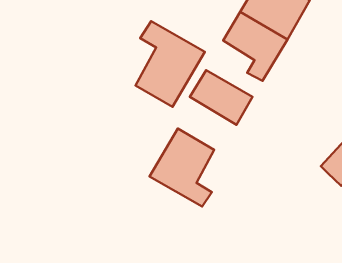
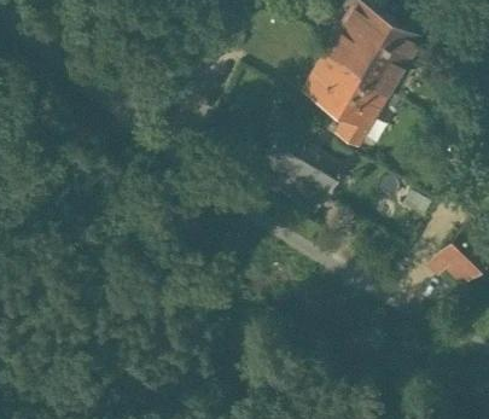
building: [135,21,205,107] -> none
building: [150,129,214,207] -> none

